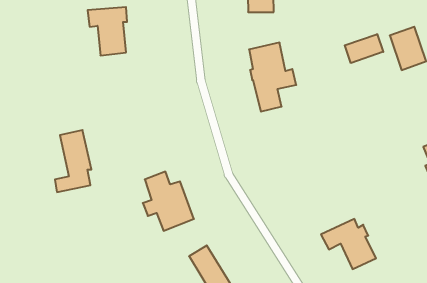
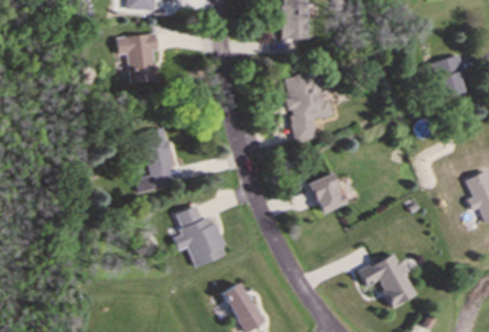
building: [345,34,383,63] -> none
building: [55,130,91,192] -> [136,127,174,192]
building: none -> [310,172,347,213]

